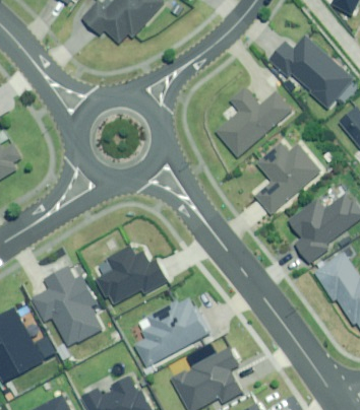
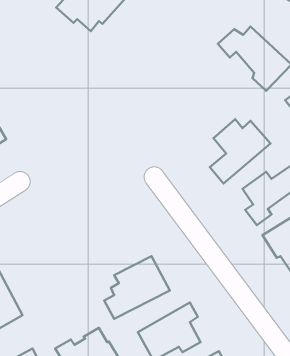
building: [216,86,292,155] -> none
building: [97,242,168,304] -> none
building: [33,267,102,346] -> none

